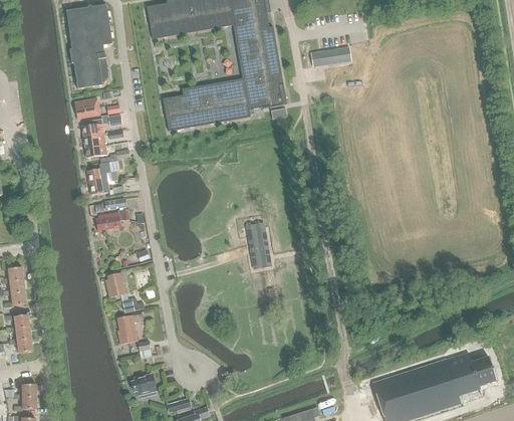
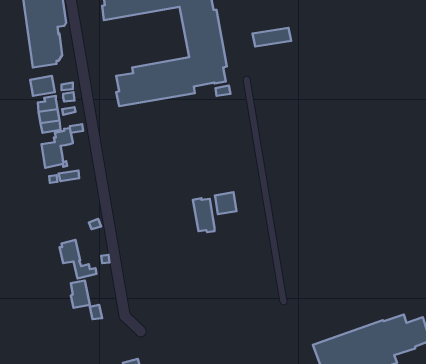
building: [95,208,128,230] -> none
building: none -> [215,192,237,214]
building: [131,374,156,397] -> none

